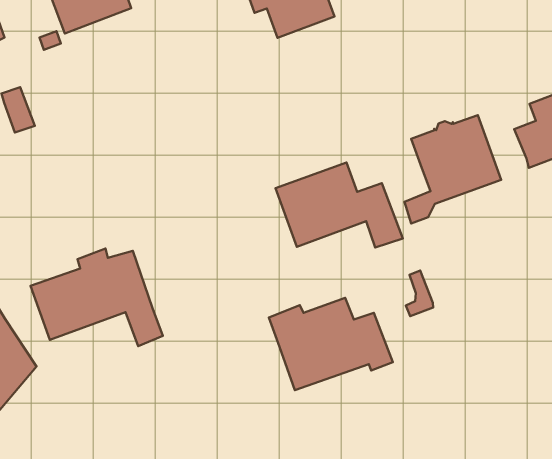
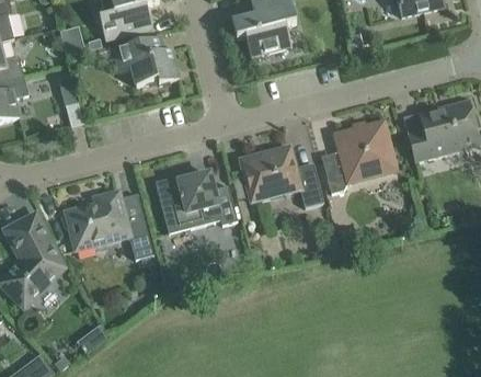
building: none -> [113,35,179,84]
building: [269,298,393,390] -> [154,172,237,232]

